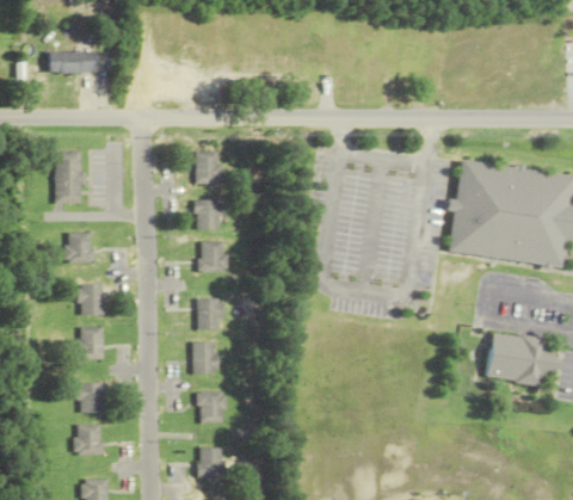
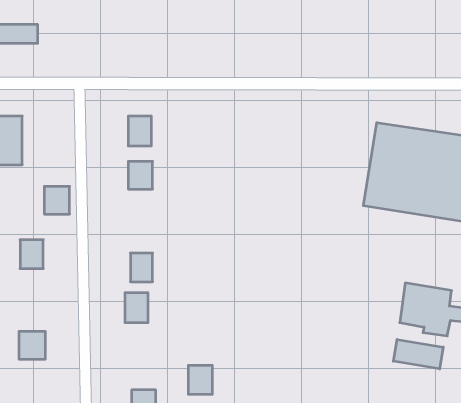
building: [66,233,93,263] -> [44,186,70,214]
building: [199,242,228,273] -> none
building: [78,328,104,360] -> none
building: [199,393,226,424] -> [188,365,212,394]
building: none -> [393,339,443,369]
building: [75,425,101,456] -> none

